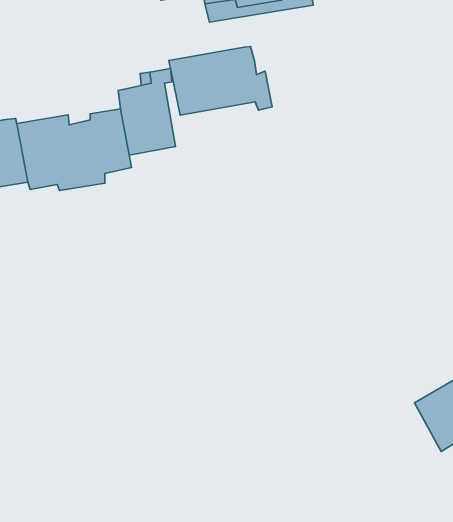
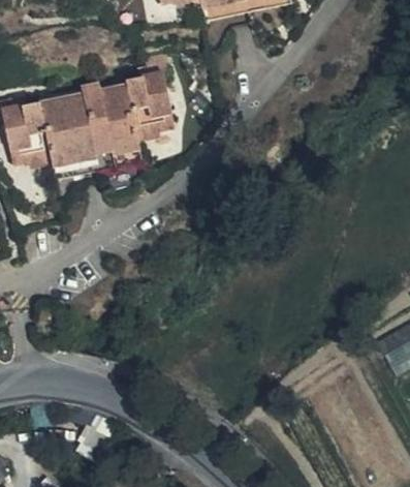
building: [169,46,272,115] -> none
building: none -> [35,79,125,108]

